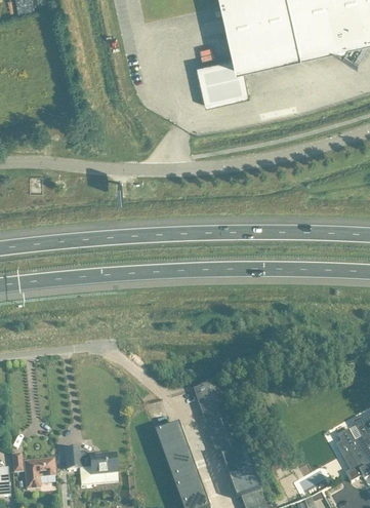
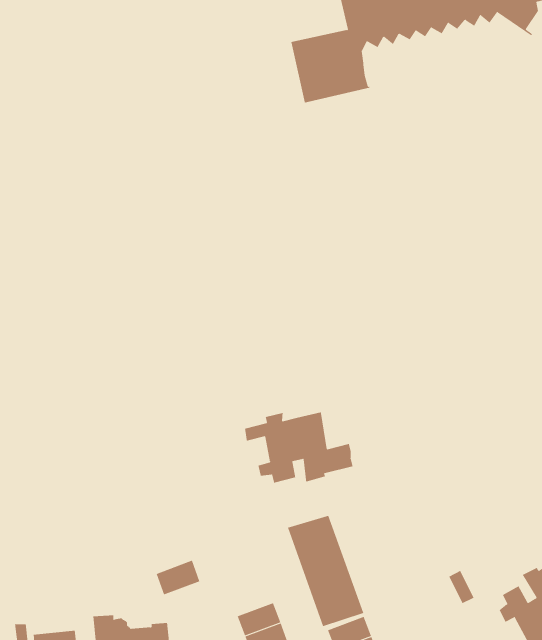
building: none -> [244,411,353,484]
building: [156,427,186,451] -> [156,560,200,595]

